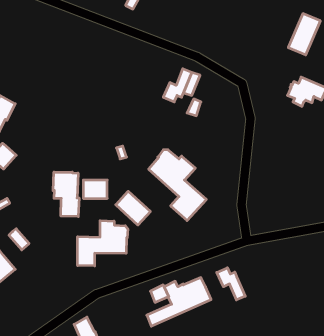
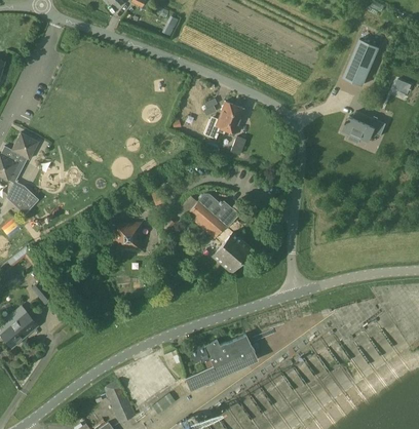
building: [53,172,79,217] -> none
building: [116,191,150,225] -> none
building: [78,221,128,266] -> none
building: [217,268,245,300] -> none

